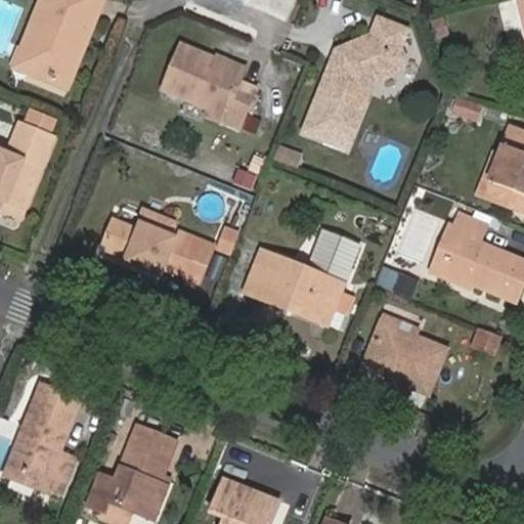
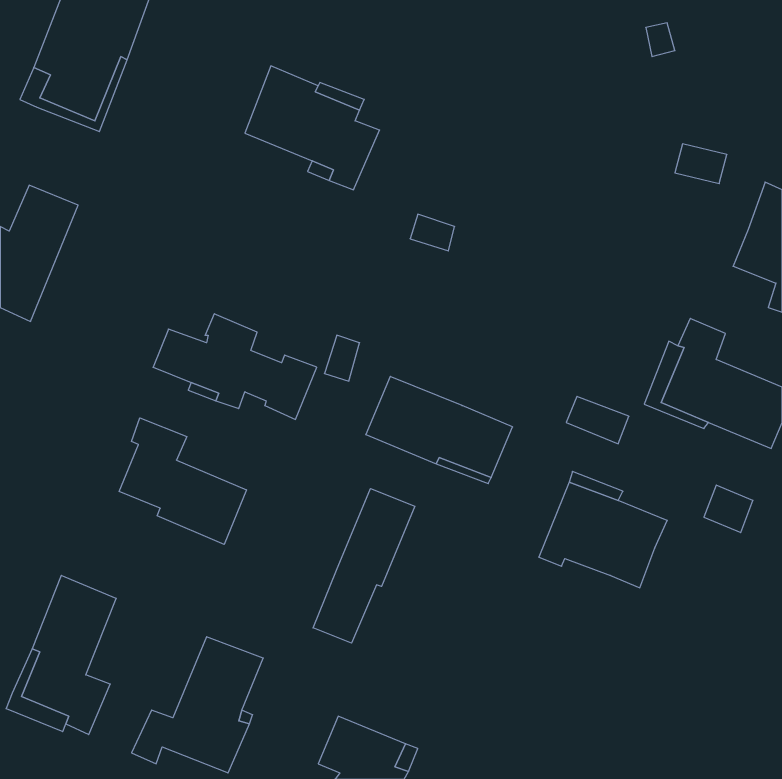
building: [304,17,409,147] -> none
building: [474,149,519,206] -> none
building: [309,235,357,286] -> none
building: none -> [119,418,246,544]
building: none -> [313,489,415,643]

